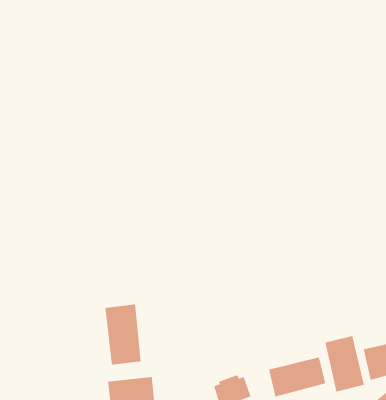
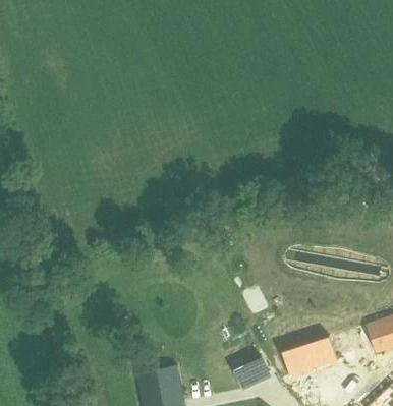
building: [104,303,142,365] -> none
building: [325,335,365,393] -> none

